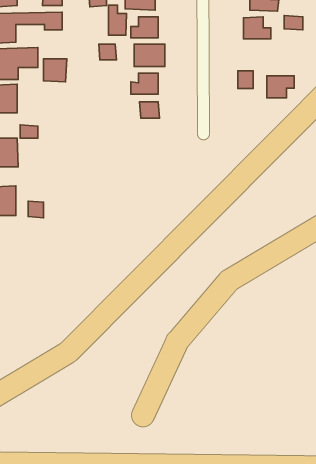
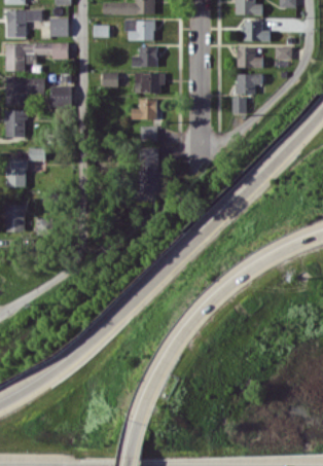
building: [108,5,127,35] -> none
building: [267,76,294,98] -> [237,73,262,94]
building: none -> [140,147,163,191]

